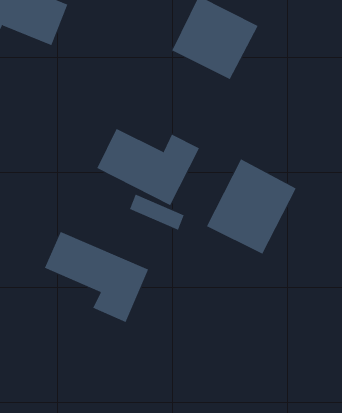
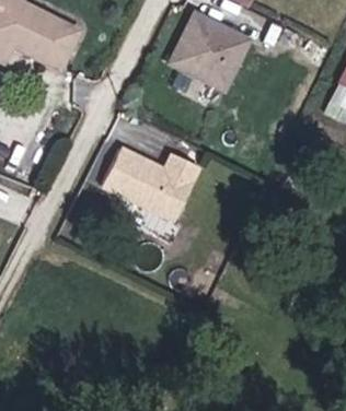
building: [206,158,297,254] -> none
building: [44,231,149,323] -> none

